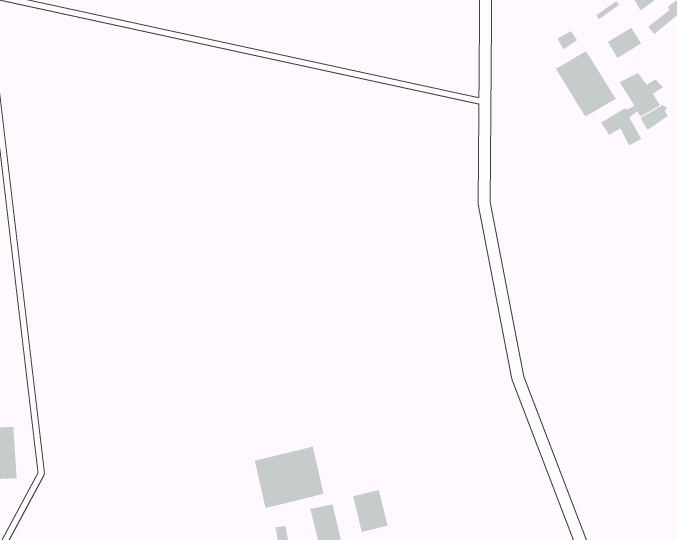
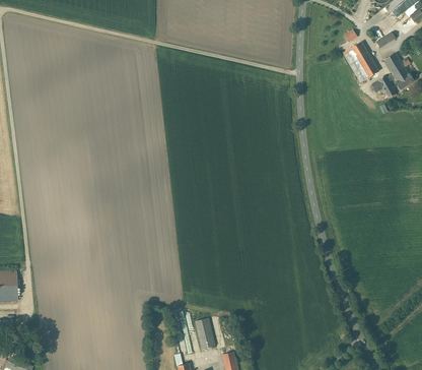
building: [254,446,324,509] -> none
building: [353,489,388,533] -> none

